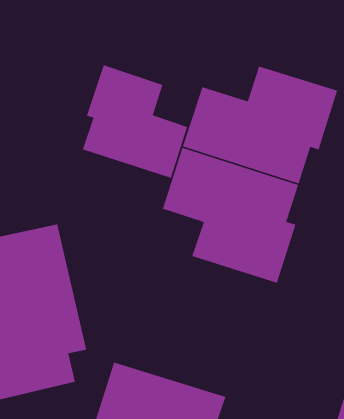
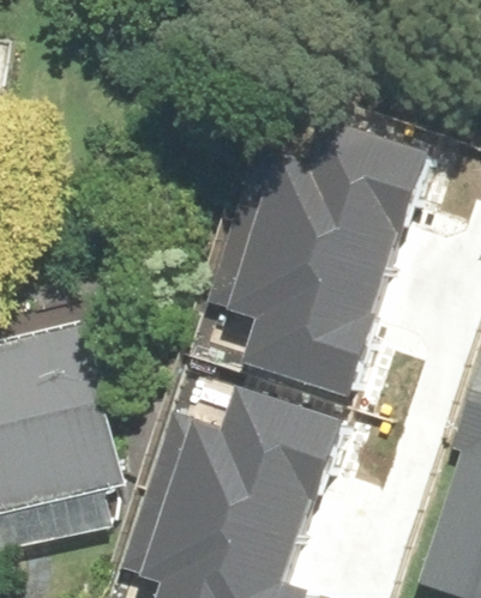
building: [82,64,188,179] -> none
building: none -> [145,394,338,542]

